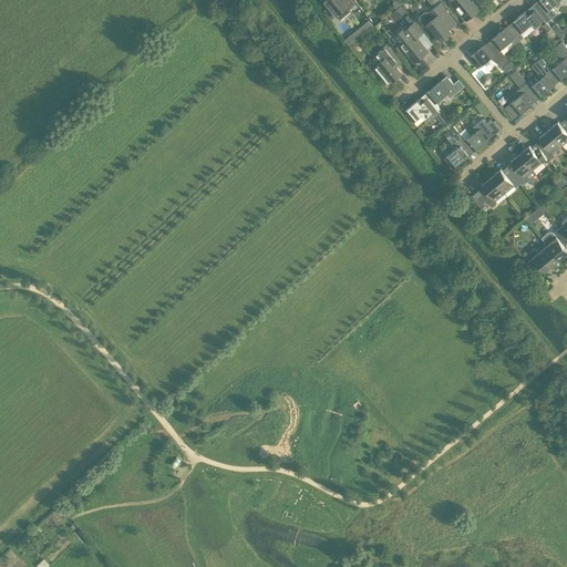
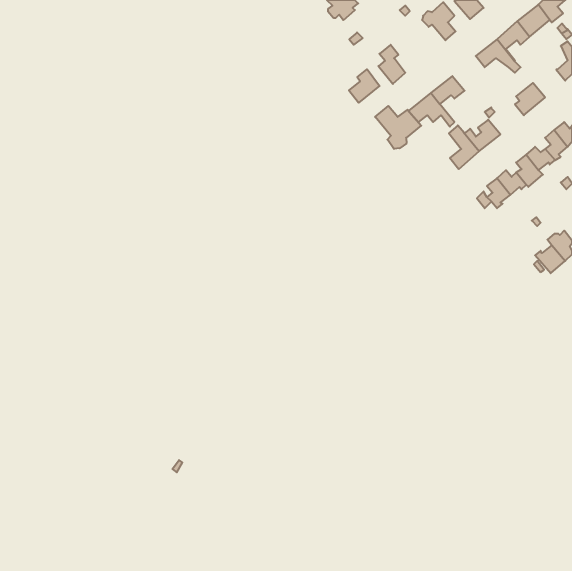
building: [394,22,427,62] -> none
building: [527,58,559,97] -> none
building: none -> [349,69,380,103]
building: none -> [375,106,421,149]

